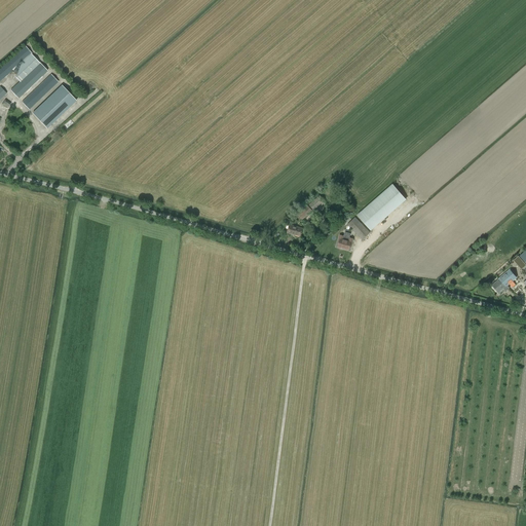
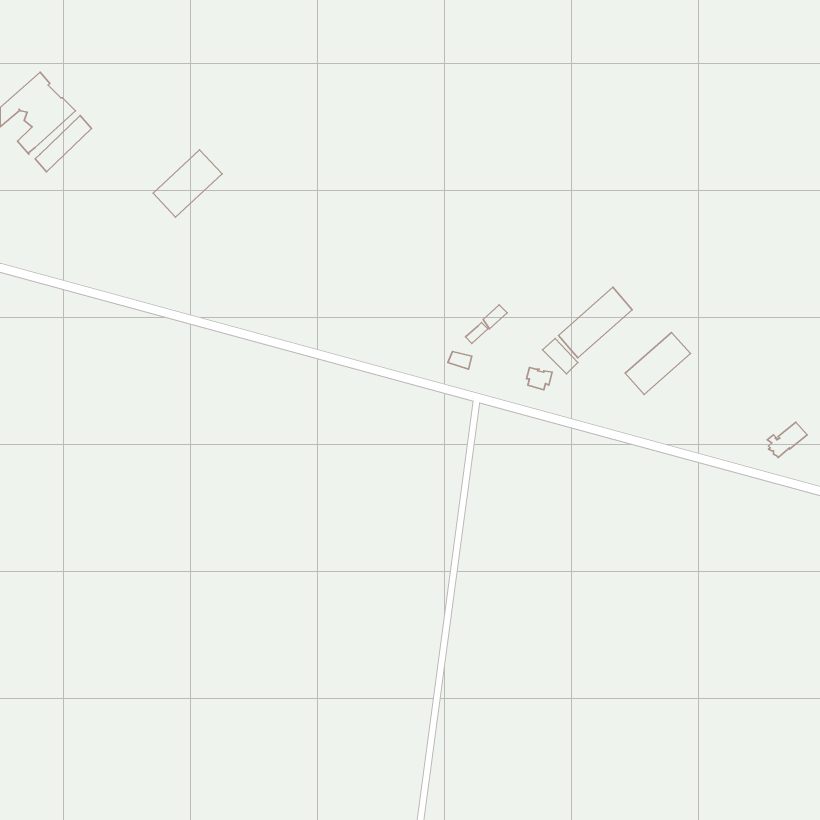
building: [33,85,77,128] -> [153,150,222,217]
building: none -> [625,332,691,394]

